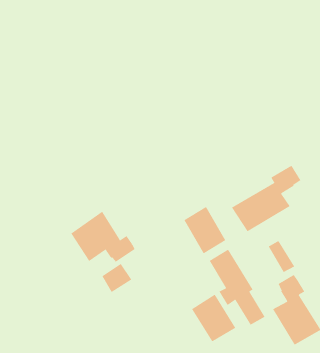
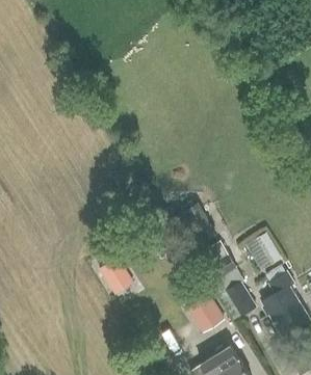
building: [231,165,301,232] -> none
building: [70,211,136,263] -> none

